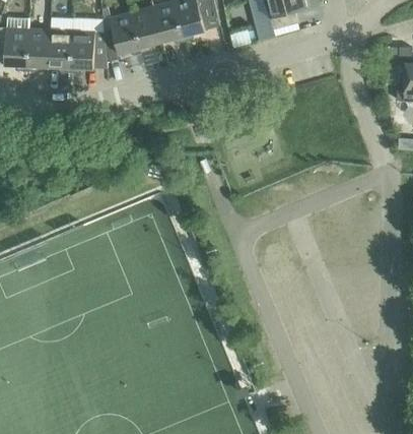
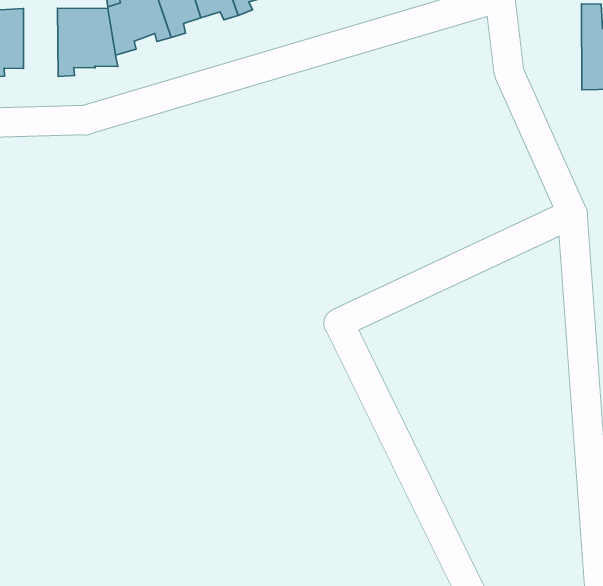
building: [48,28,71,72] -> none

